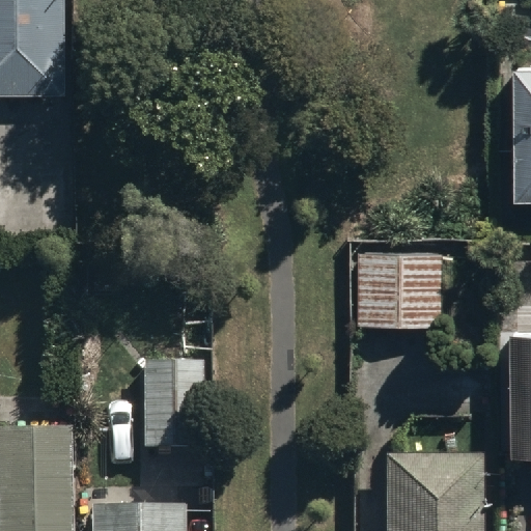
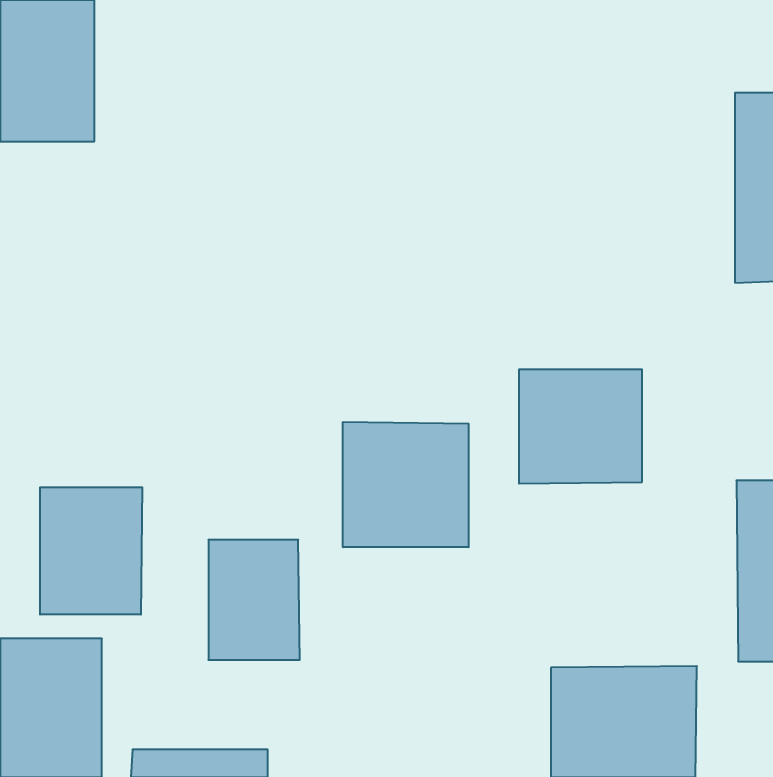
building: none -> [343,422,469,547]
building: none -> [40,487,142,615]

